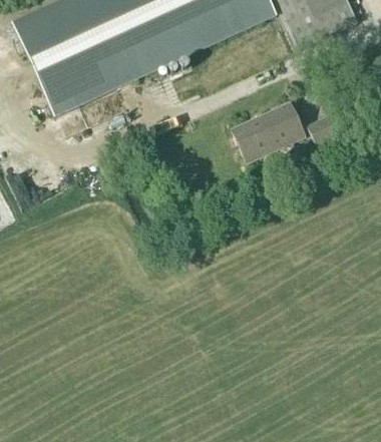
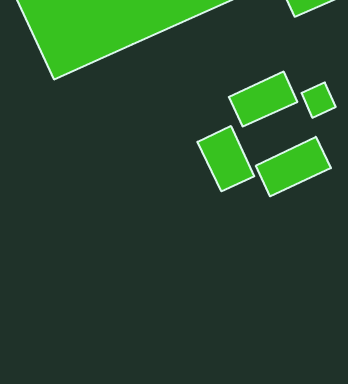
building: none -> [197,126,254,191]
building: none -> [256,137,331,196]

